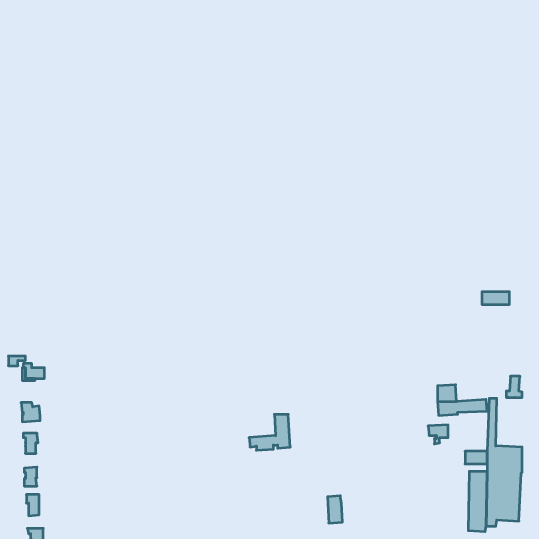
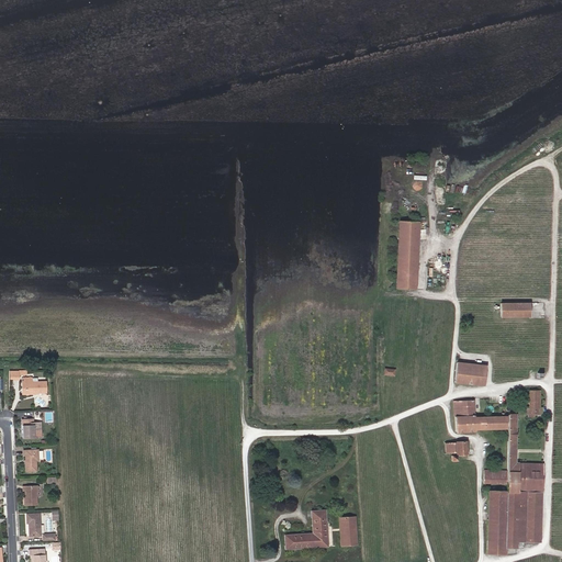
building: none -> [397,222,419,290]
building: none -> [456,363,487,385]
building: [249,414,290,450] -> [285,512,328,549]

